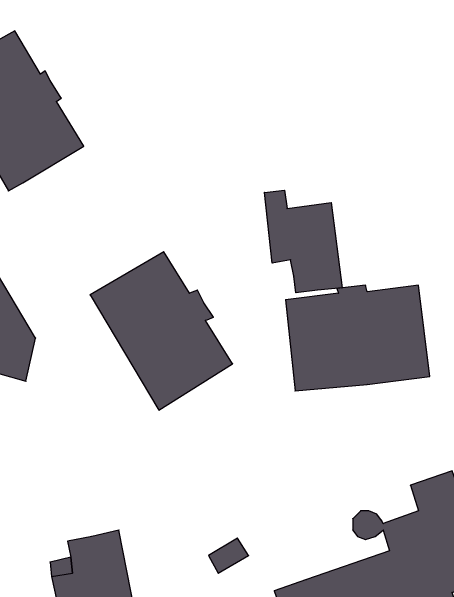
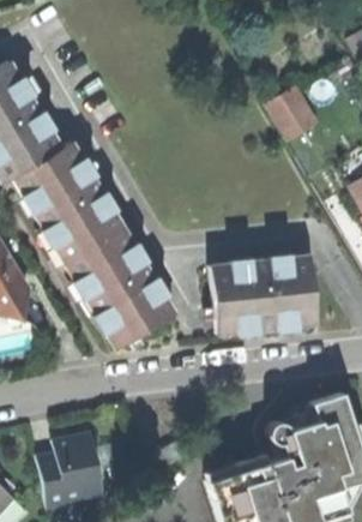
building: none -> [267,89,320,143]
building: none -> [18,140,123,258]
building: [264,190,342,293] -> none

